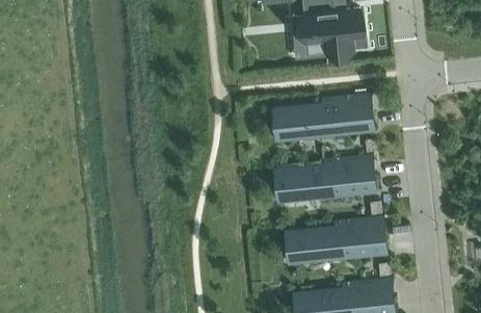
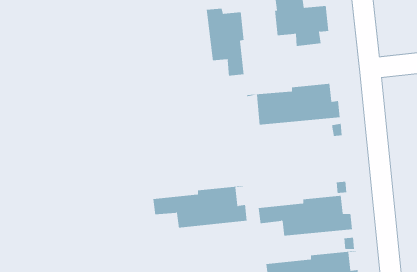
building: none -> [206,6,244,76]
building: [273,154,377,201] -> [153,186,248,228]

